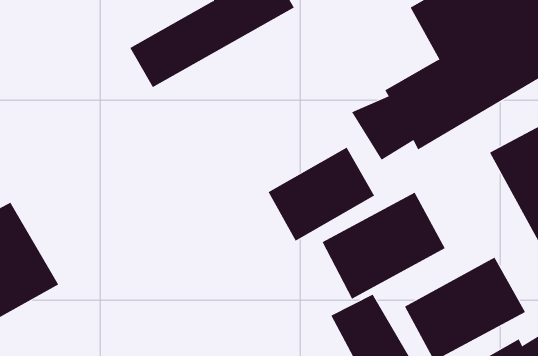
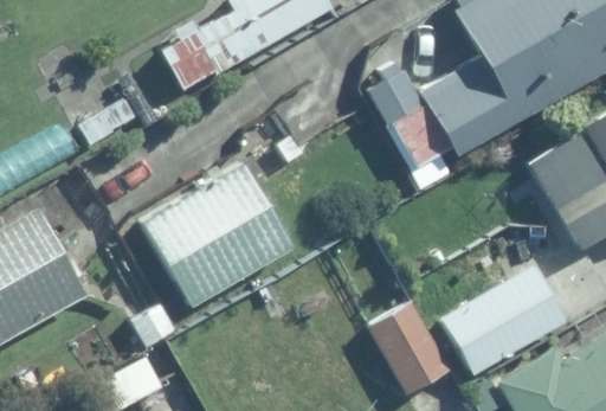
building: [268,147,375,242] -> none
building: none -> [144,165,291,304]
building: [322,192,445,300] -> none

